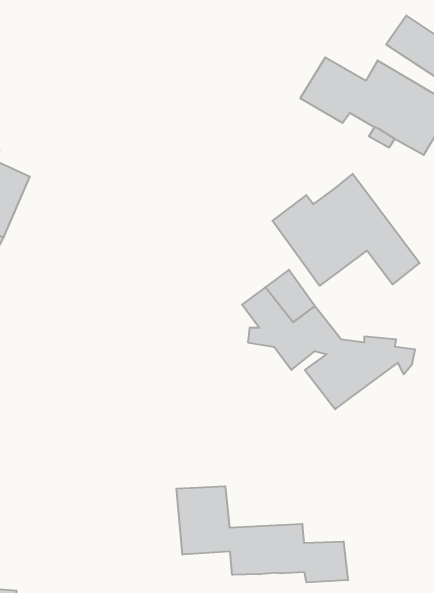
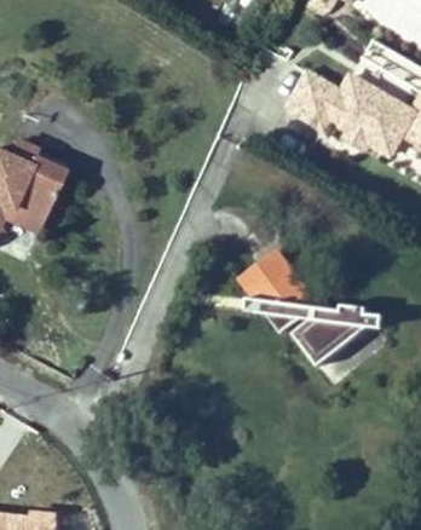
building: [272,174,420,286] -> none
building: [177,486,348,582] -> none

